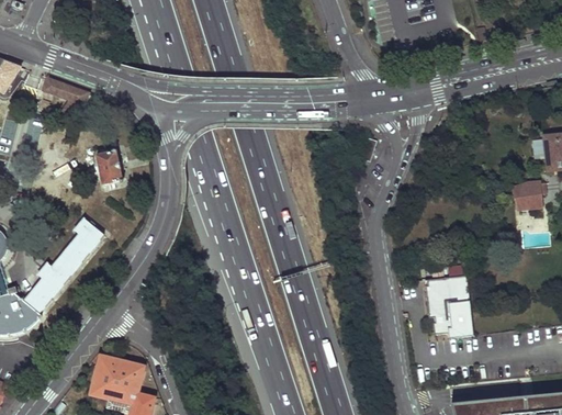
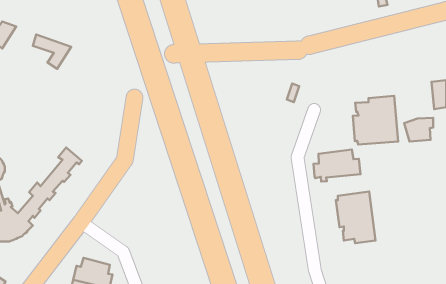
building: [97,152,123,186] -> none
building: none -> [353,96,398,145]
building: none -> [313,150,361,182]

